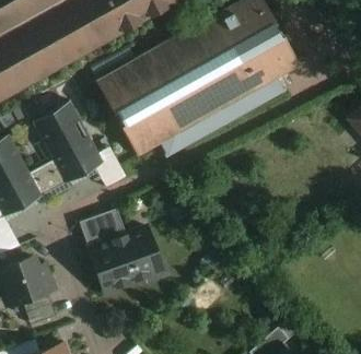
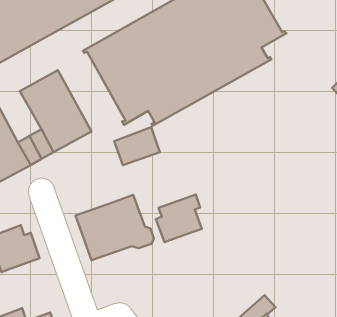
building: [79,209,125,247] -> [114,127,160,165]
building: none -> [156,194,202,242]
building: [22,292,56,326] -> none

